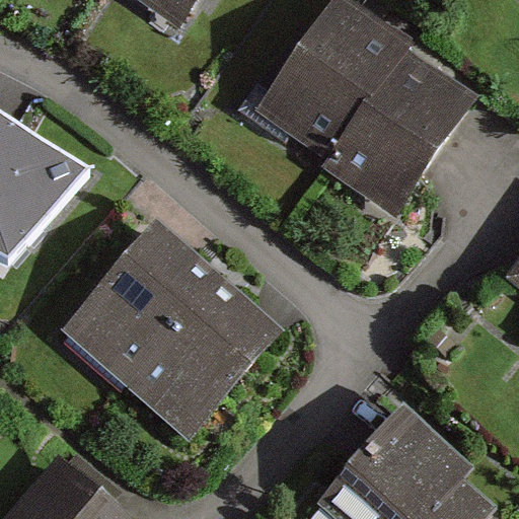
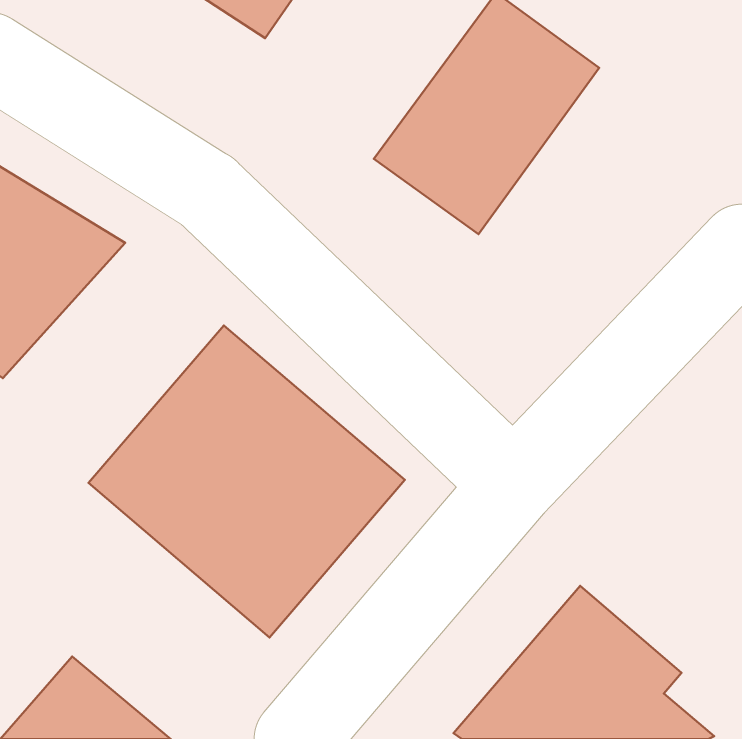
building: [329,56,475,214] -> none

